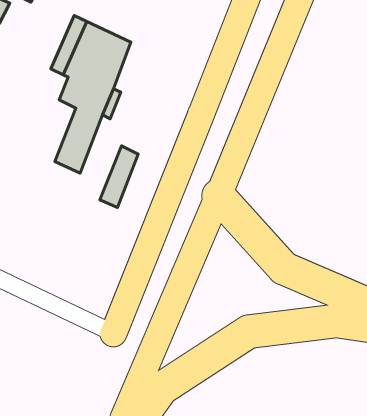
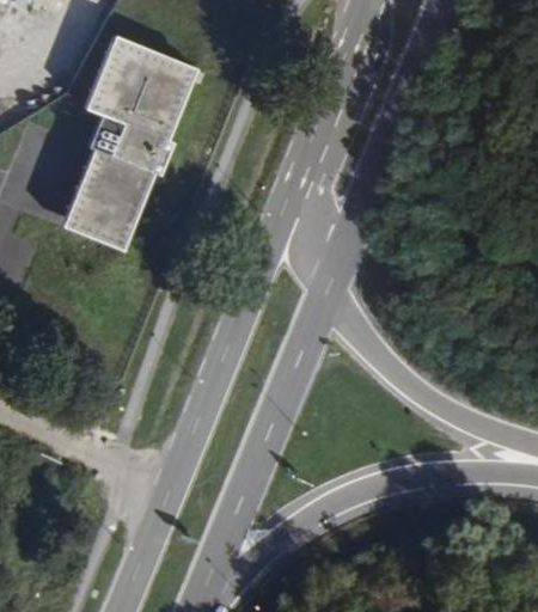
building: [100,146,138,207] -> [62,151,117,239]

